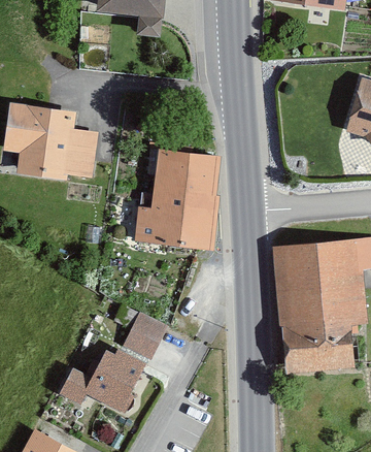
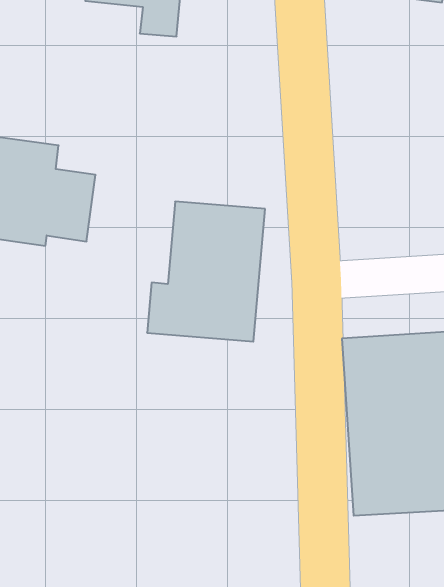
building: [124,311,169,359] -> none
building: [59,343,140,407] -> none

